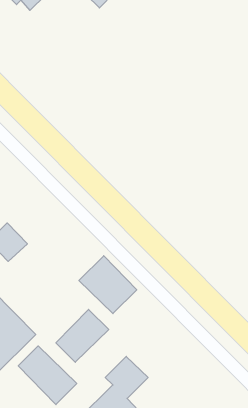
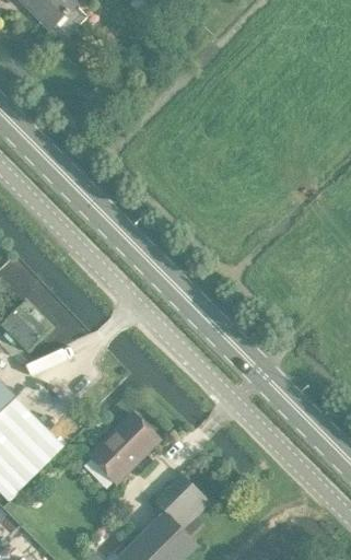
building: [79,256,137,314] -> none
building: [18,346,77,405] -> none

